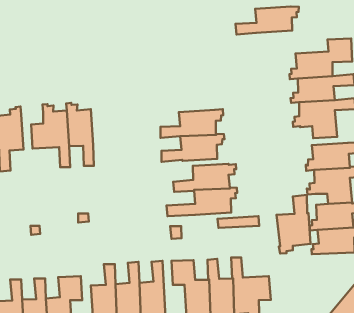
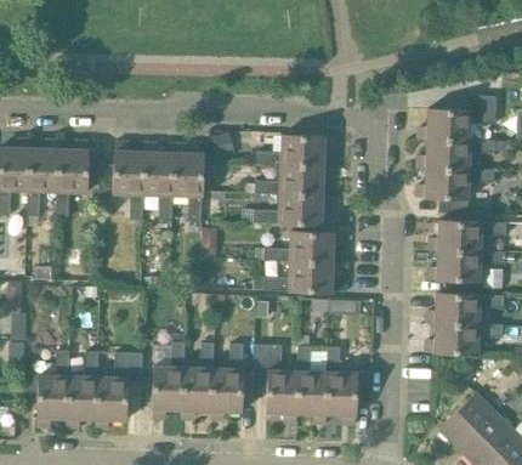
building: [235,7,299,35] -> [255,136,334,166]
building: none -> [171,143,203,221]
building: [277,195,311,253] -> none

